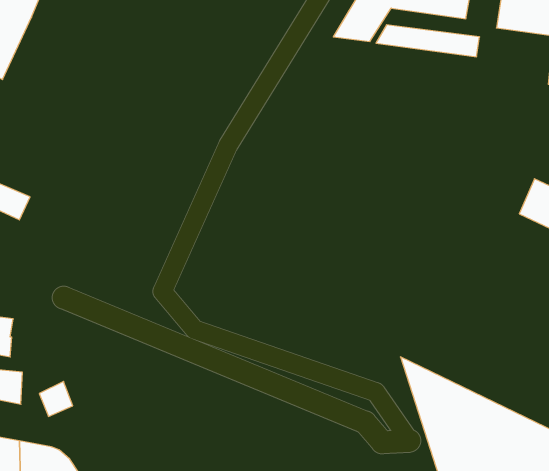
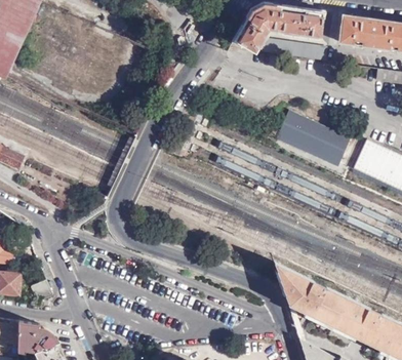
building: none -> [278,110,350,163]

